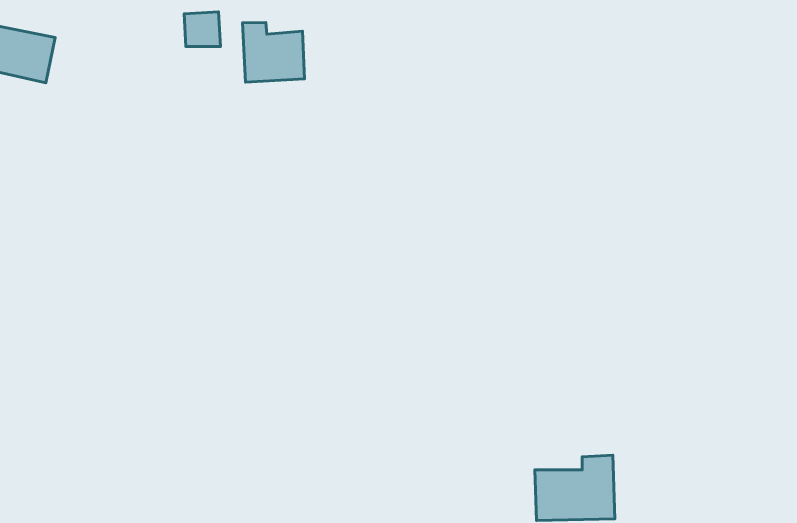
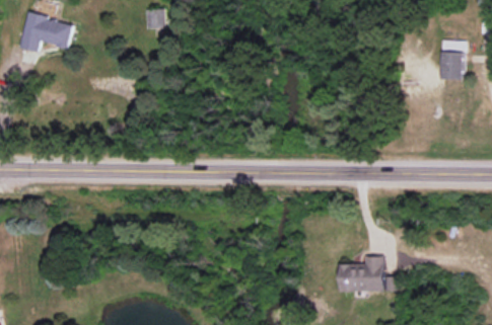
building: [242,22,305,82] -> none
building: none -> [442,40,464,80]

